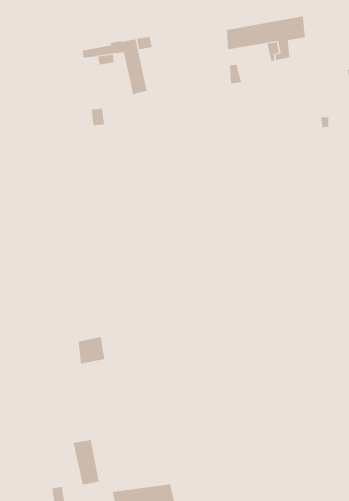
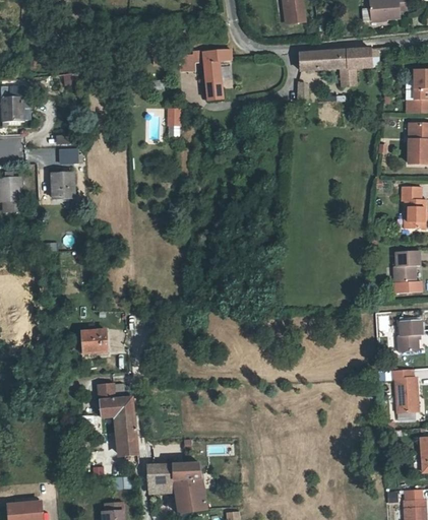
building: [78,336,105,364] -> [84,329,108,352]
building: none -> [98,383,134,417]

